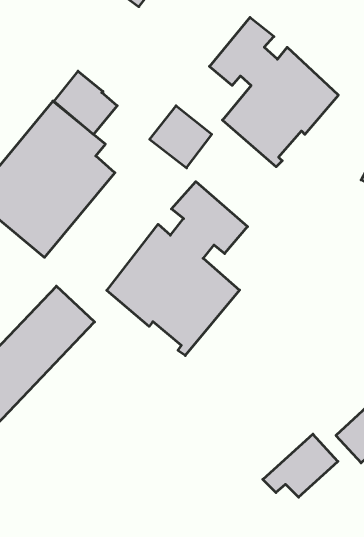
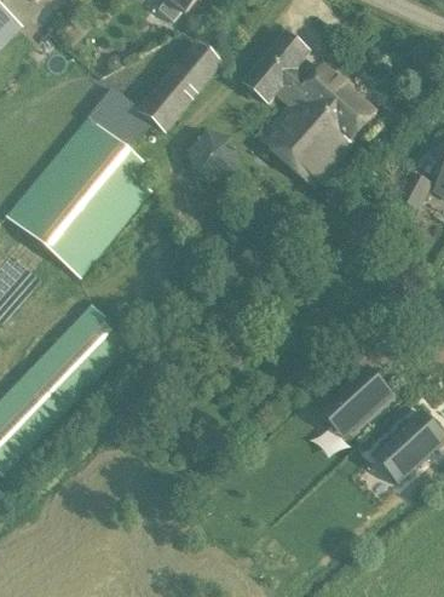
building: none -> [137,41,219,132]
building: [107,182,248,356] -> none
building: [263,434,338,497] -> [317,364,393,429]

